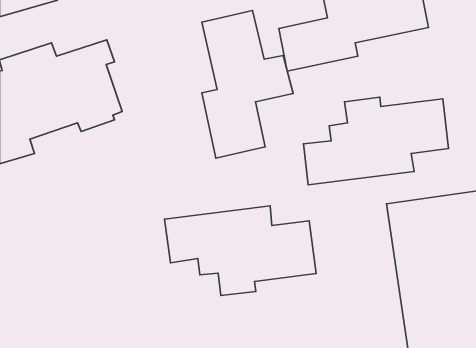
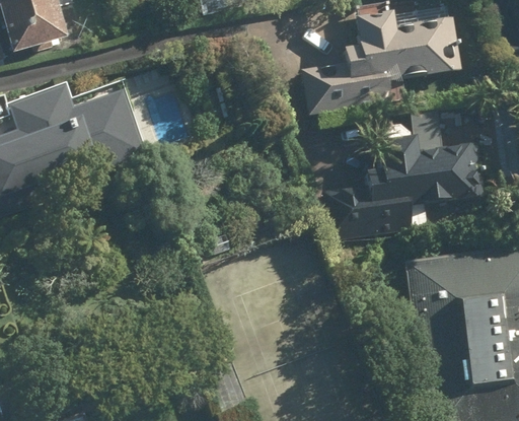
building: [202,10,293,158] -> none
building: [165,206,316,296] -> none

